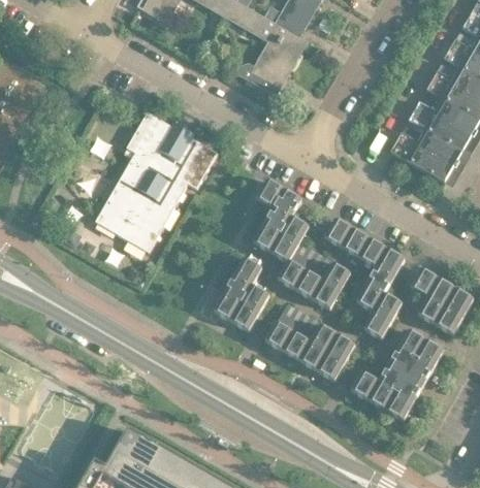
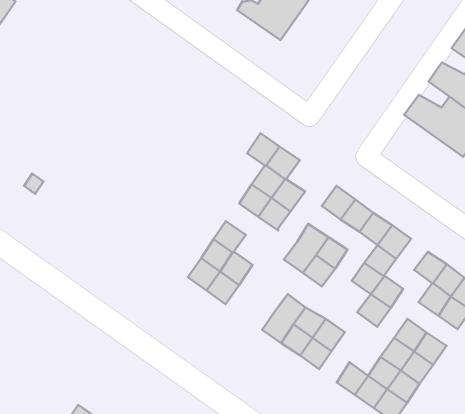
building: [95,111,217,250] -> none
building: [279,243,314,286] -> none
building: [264,305,301,349] -> none

